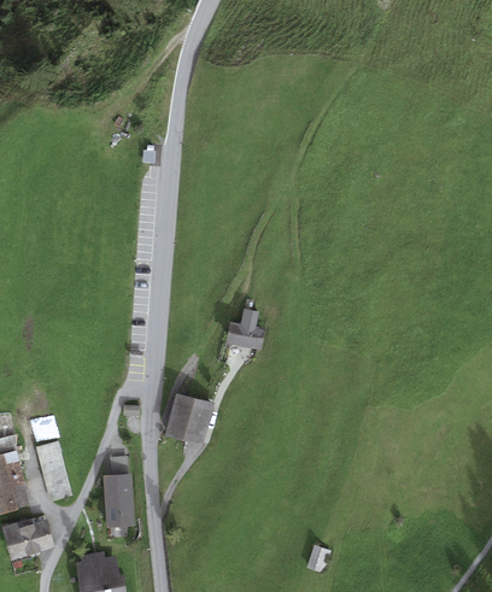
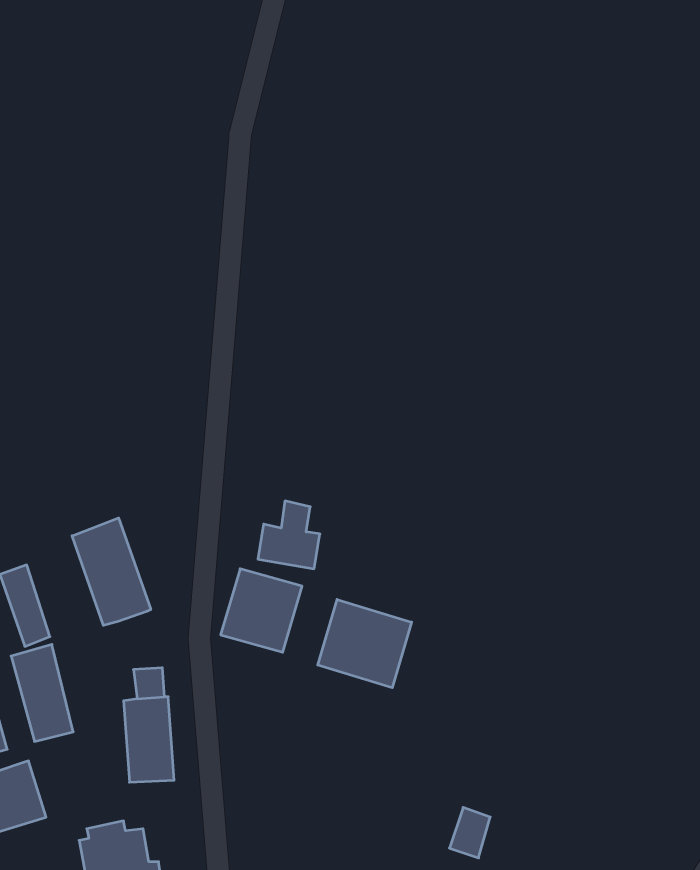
building: [225,307,264,350] -> [258,501,320,569]
building: none -> [72,518,151,625]
building: none -> [318,599,412,688]

